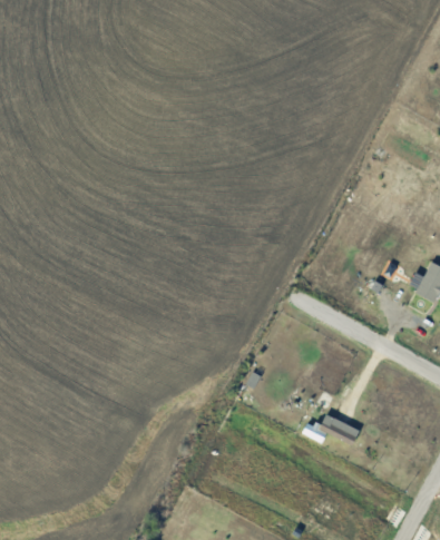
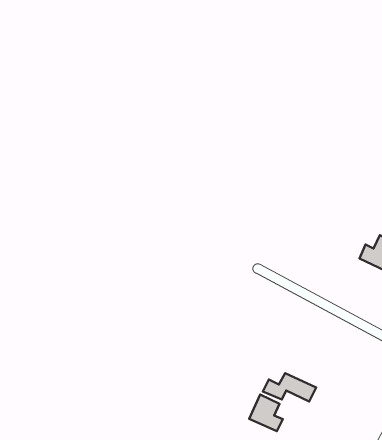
building: none -> [249,395,283,431]

